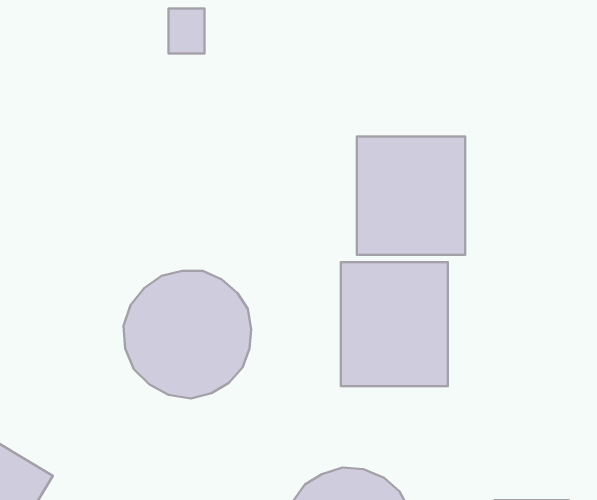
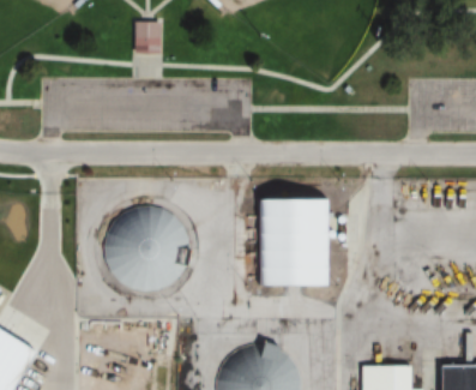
building: [357,137,465,255] -> none

